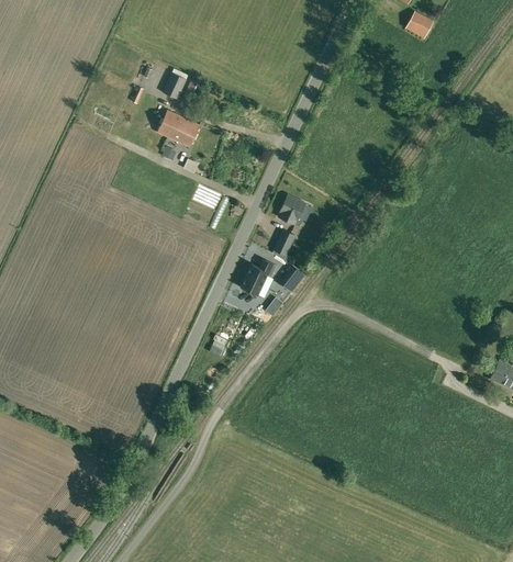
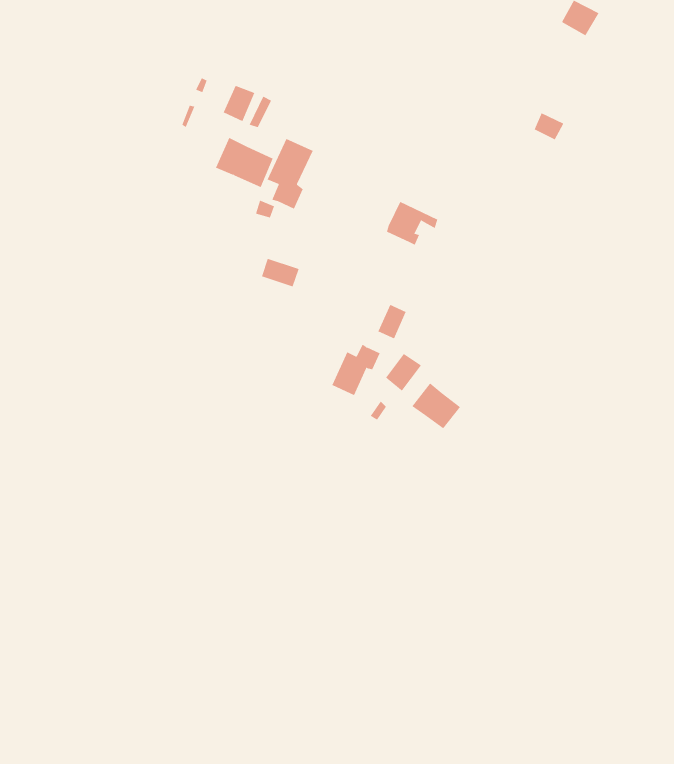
building: none -> [267,138,313,209]
building: [278,194,315,226] -> [386,201,438,246]
building: none -> [412,383,461,429]

